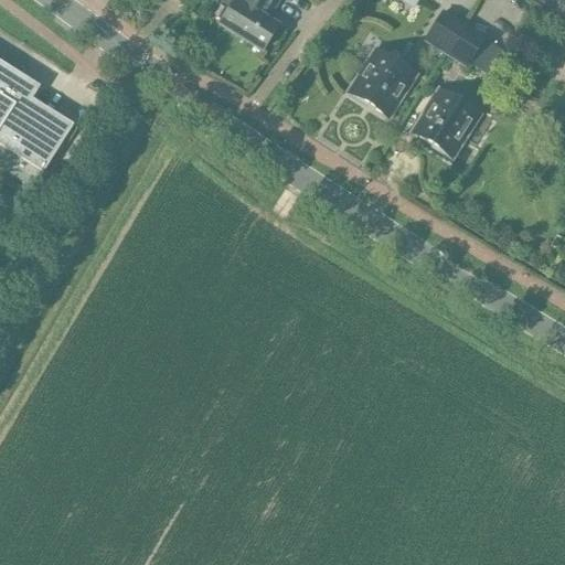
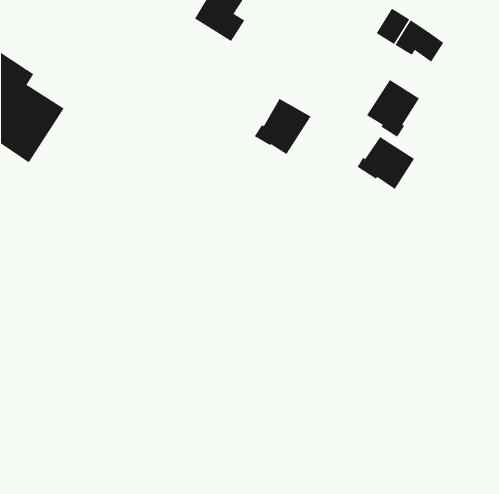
building: [348,49,413,113] -> [254,98,311,155]
building: none -> [357,136,415,190]

